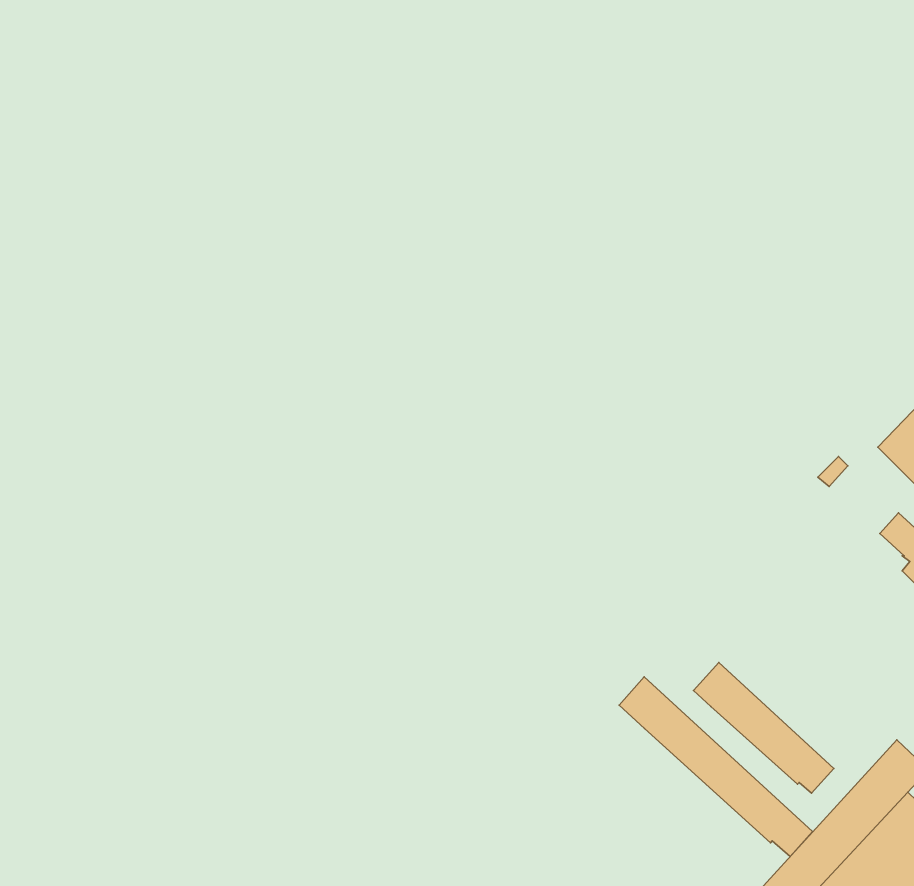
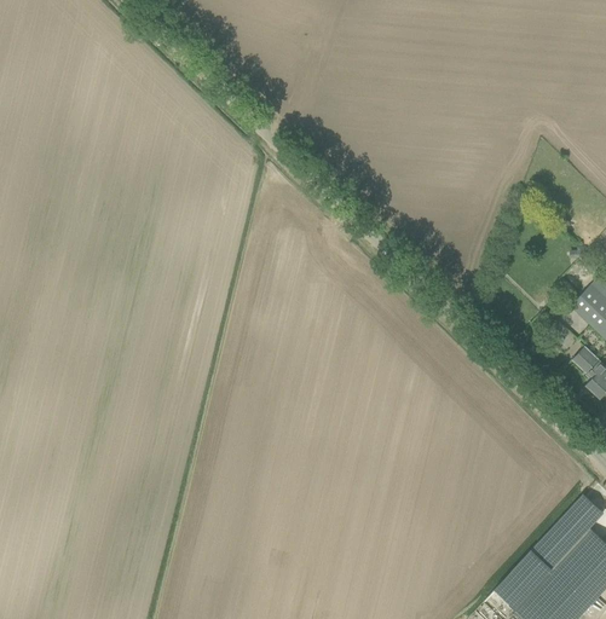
building: [694,663,834,793] -> none
building: [619,677,812,856] -> none

